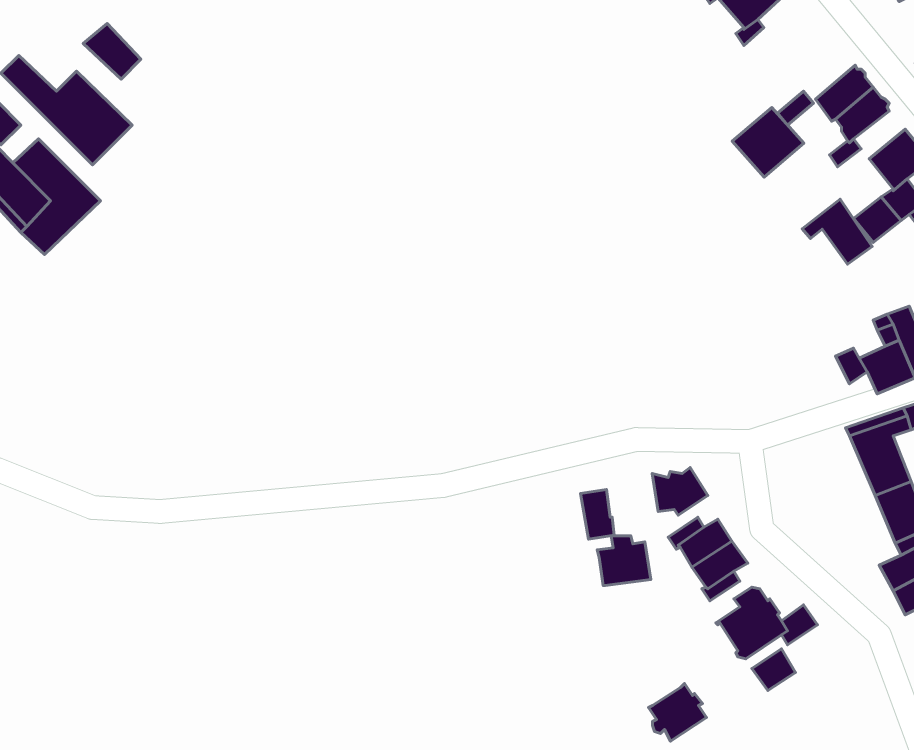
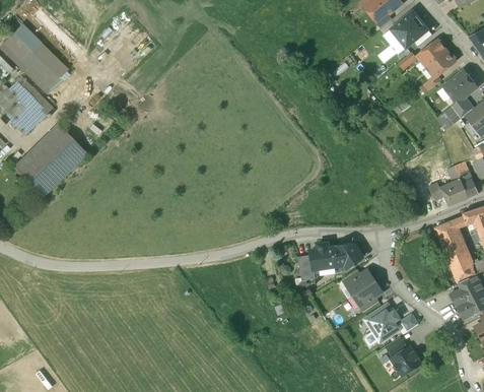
building: [83,23,141,79] -> [11,23,41,52]
building: [732,107,804,177] -> [390,11,426,47]
building: [802,199,872,264] -> none
building: none -> [13,125,85,196]
building: [597,536,651,586] -> [309,244,337,269]
building: [649,684,706,741] -> [391,346,420,376]

